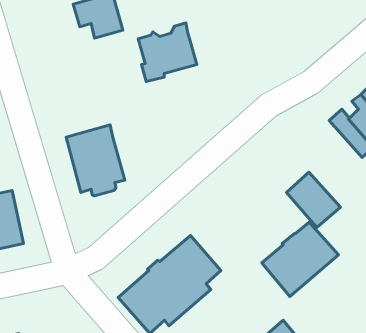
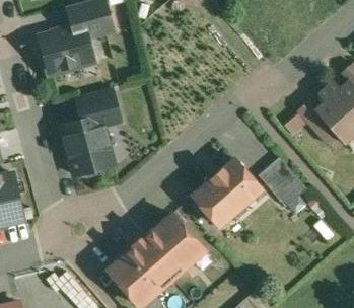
building: [138,23,197,82] -> [41,23,93,76]
building: none -> [76,87,120,125]
building: [262,222,339,297] -> [193,159,262,226]

